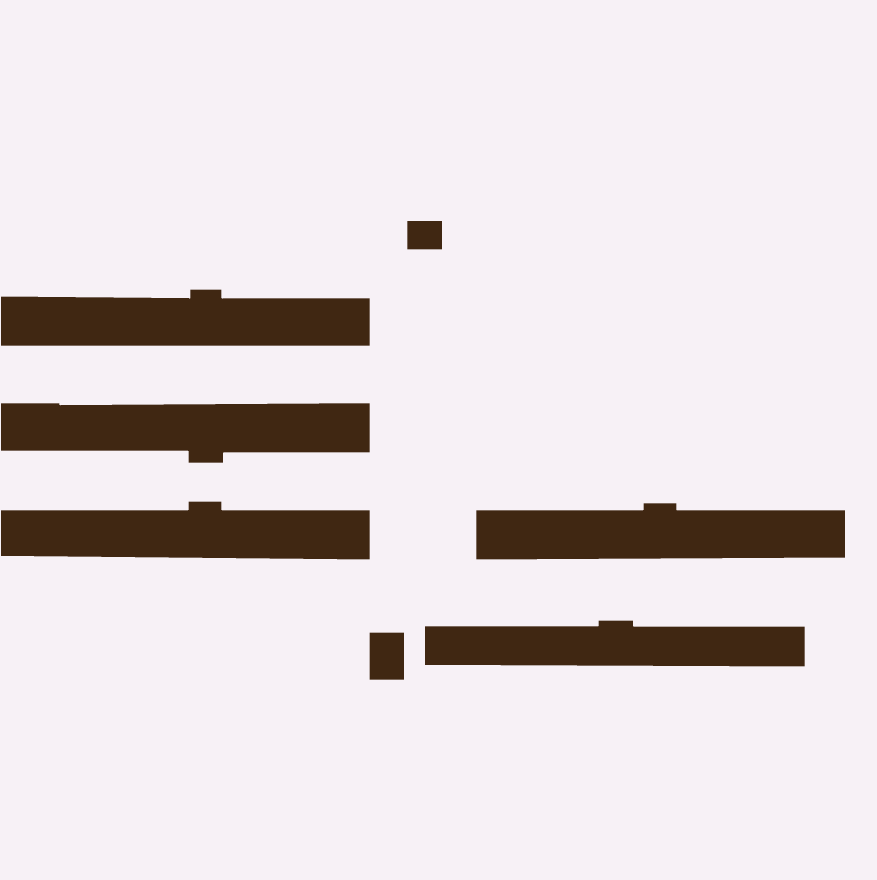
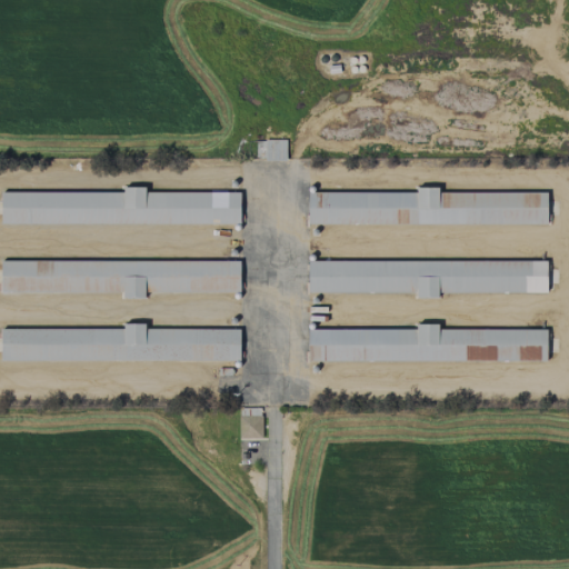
building: none -> [309,187,548,223]
building: none -> [309,260,548,298]
building: [425,620,805,667] -> none

